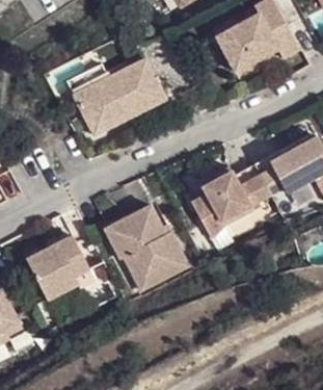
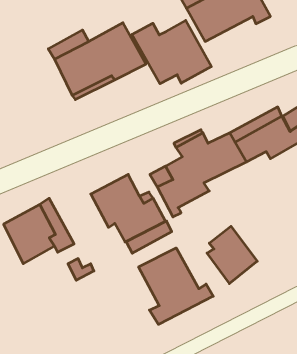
building: none -> [132,20,211,84]
building: none -> [207,226,257,284]
building: none -> [139,248,213,324]

